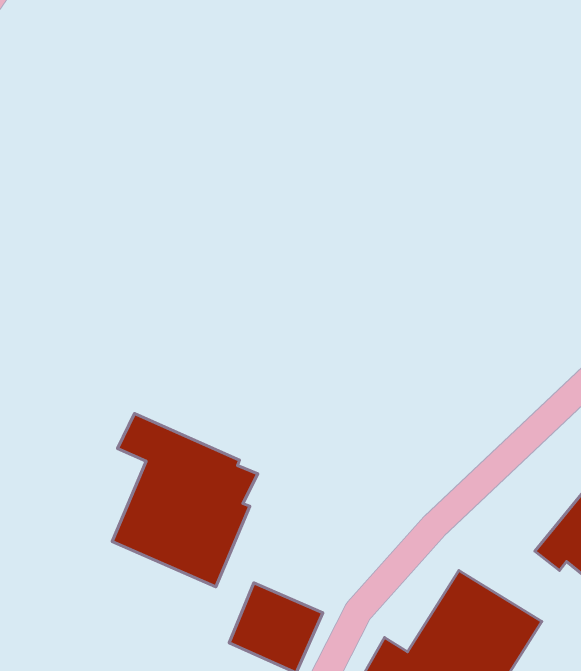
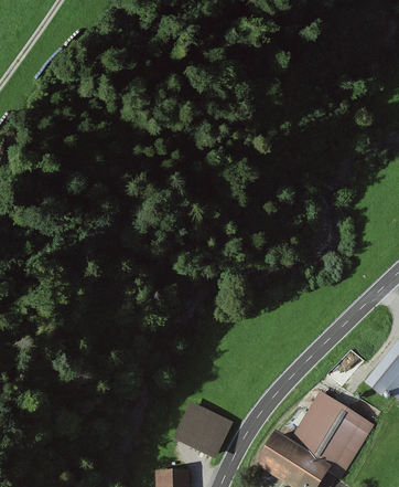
building: [112,414,258,587] -> none

